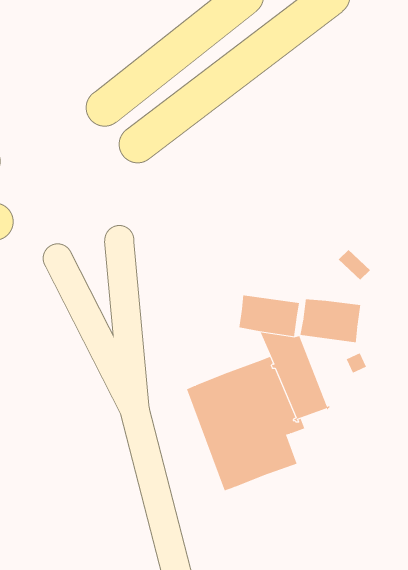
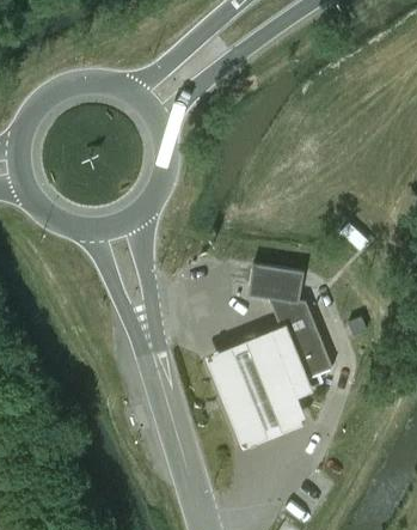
building: [300,299,361,343] -> none

